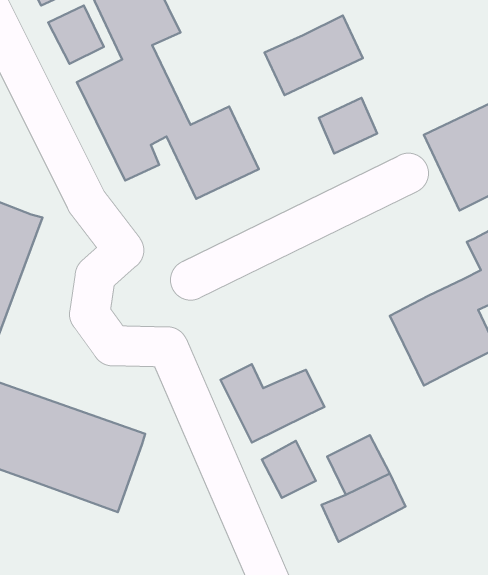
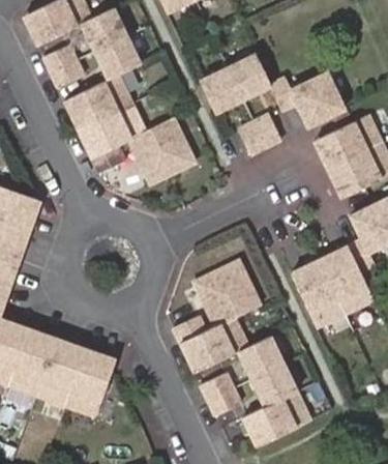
building: none -> [273,75,347,127]
building: none -> [191,255,259,321]
building: none -> [233,330,278,376]

